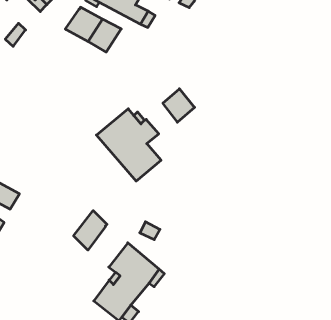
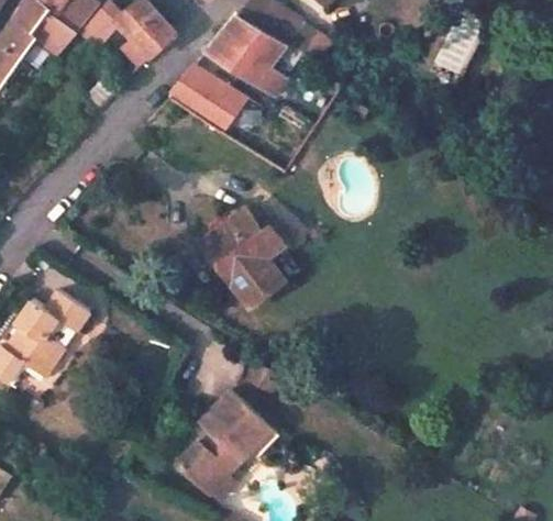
building: [163,89,195,122] -> none
building: [74,211,107,250] -> none

